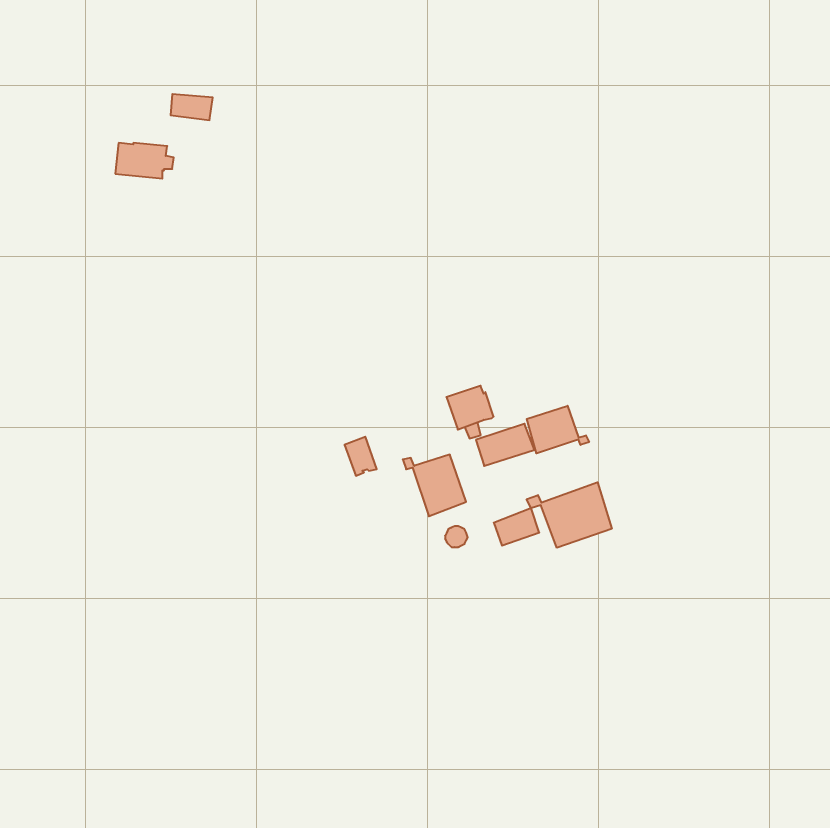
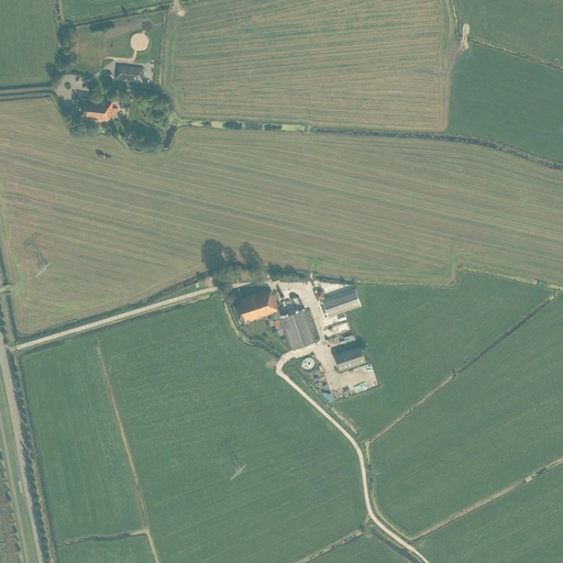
building: [446,386,494,430] -> [247,288,279,318]
building: [527,406,589,453] -> none
building: [527,482,612,548] -> none

